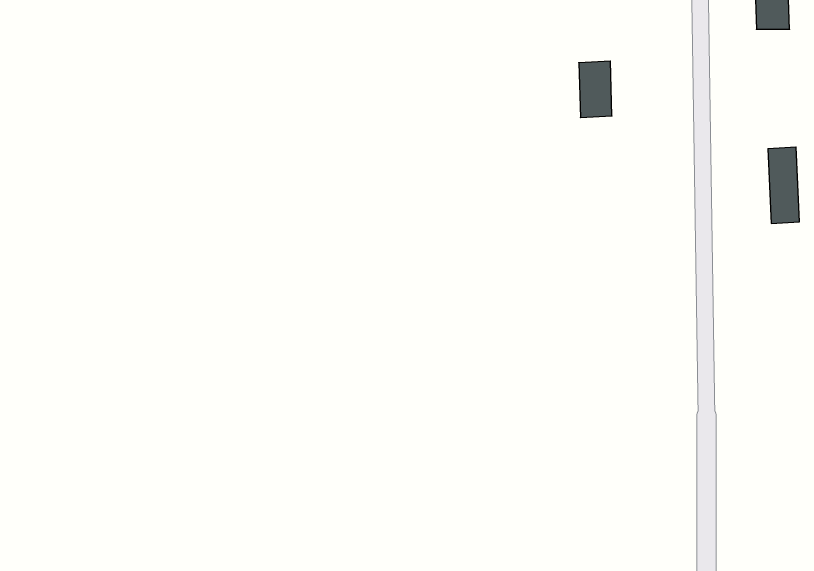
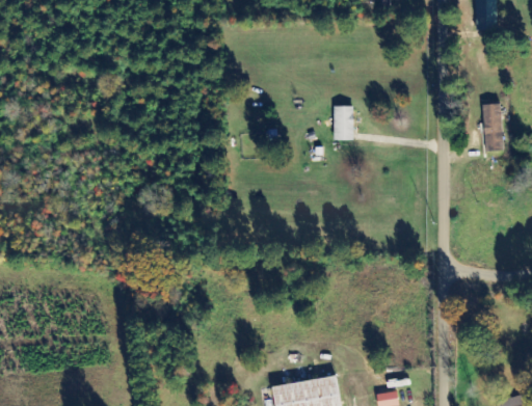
building: [579,61,612,118] -> [334,105,354,140]

